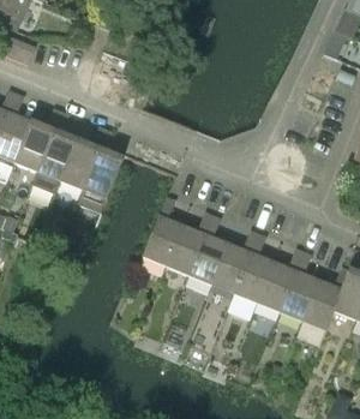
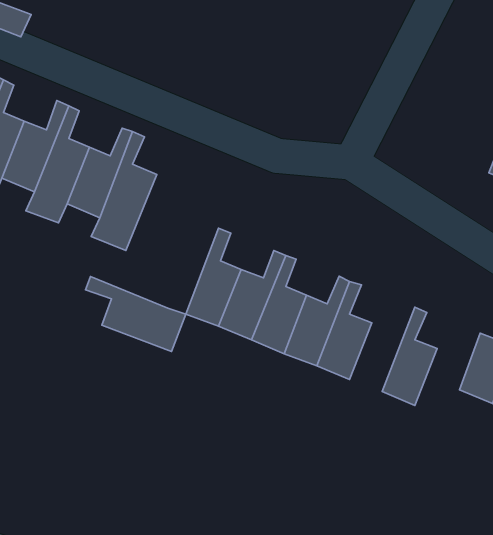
building: none -> [86,277,186,351]
building: [257,249,302,311] -> none
building: [302,268,348,330] -> none

